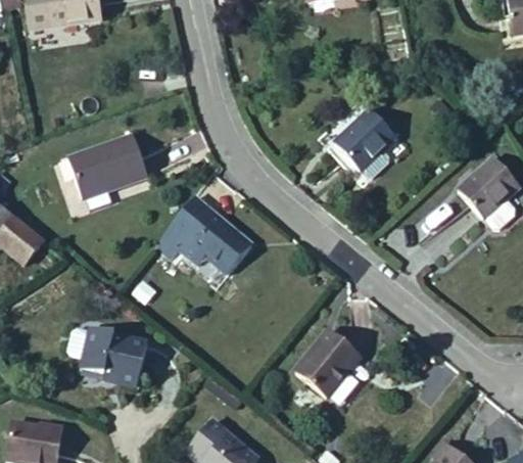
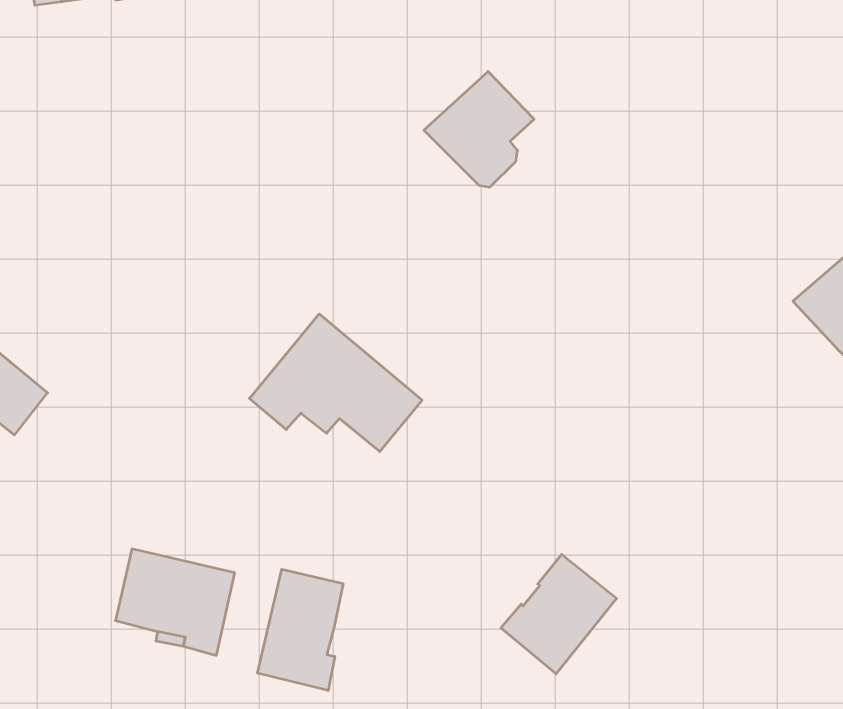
building: [334,109,395,174] -> [424,71,534,187]
building: [67,134,147,196] -> none
building: none -> [258,569,343,691]

